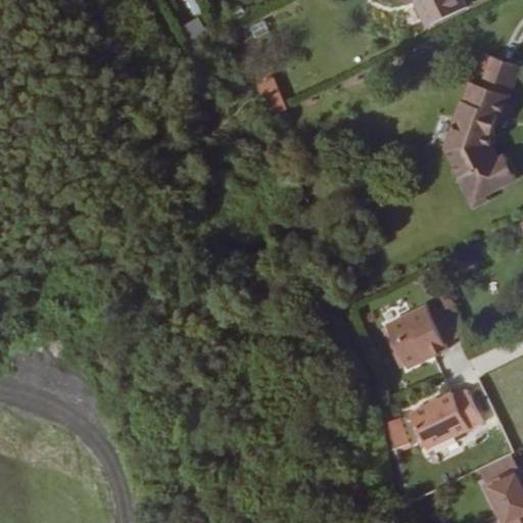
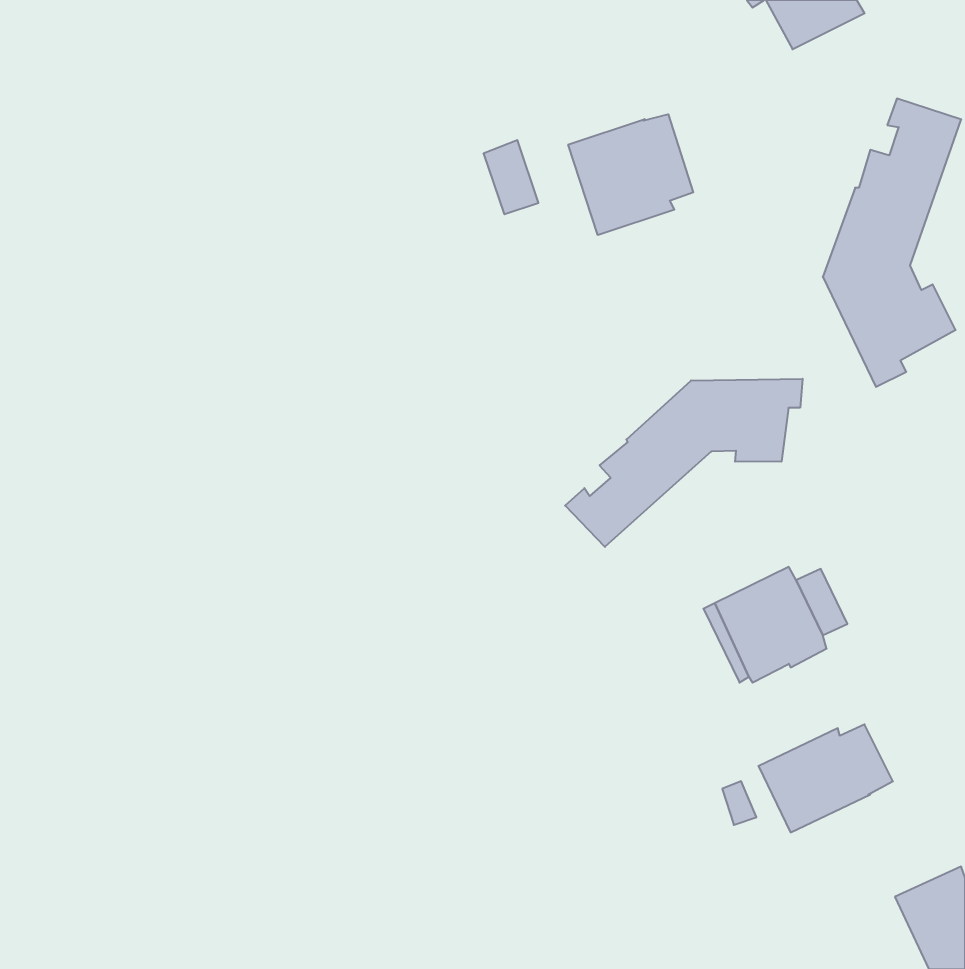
building: none -> [568,114,693,235]
building: none -> [565,379,803,547]

